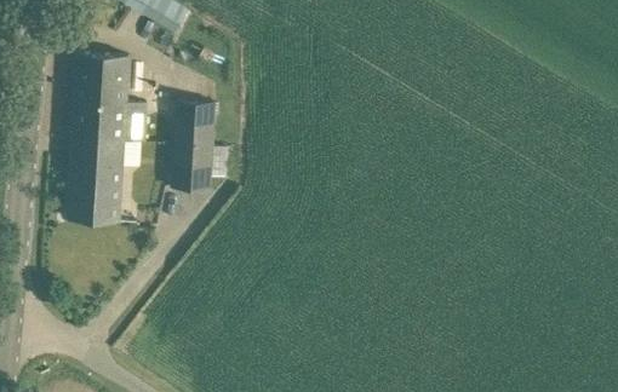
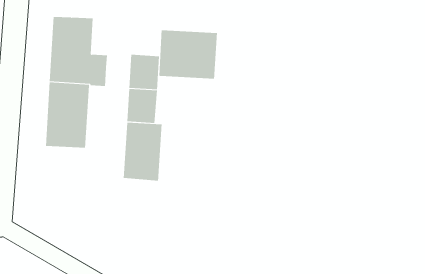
building: none -> [159,29,217,79]
building: none -> [123,122,162,181]

